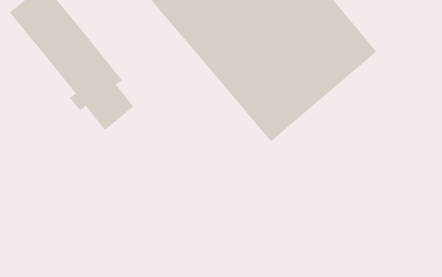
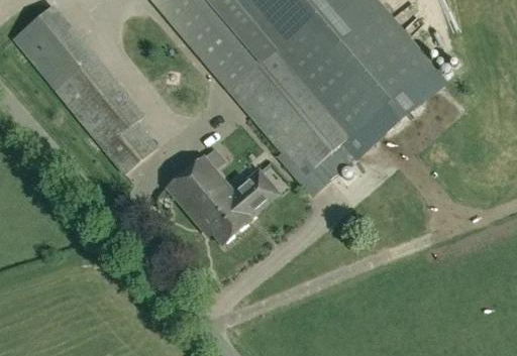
building: none -> [166,155,277,244]

